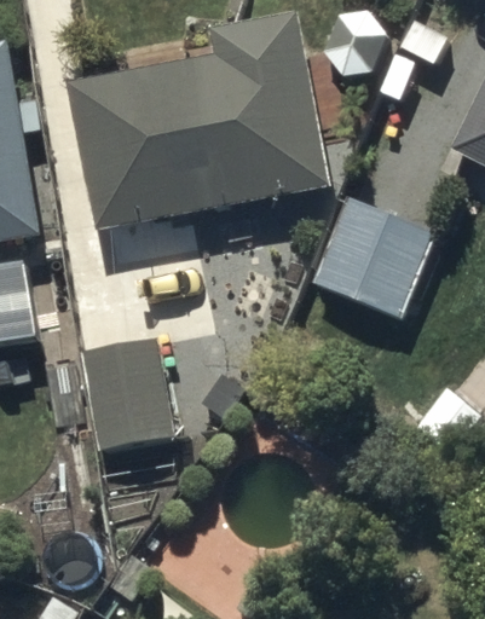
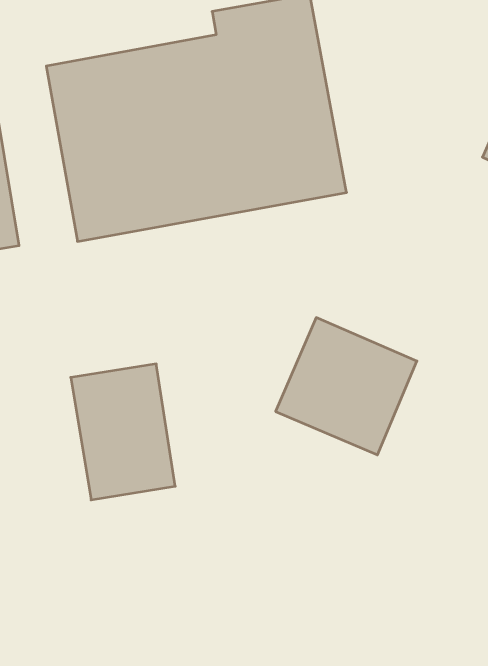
building: [311,197,437,319] -> [276,318,417,455]

